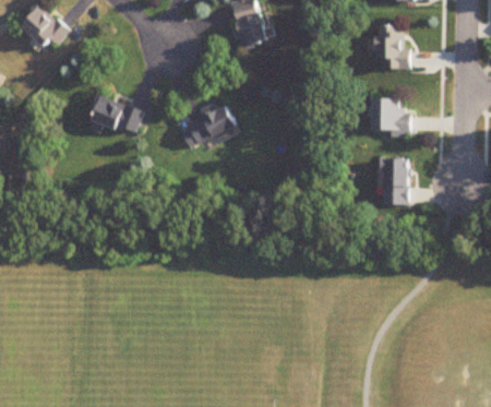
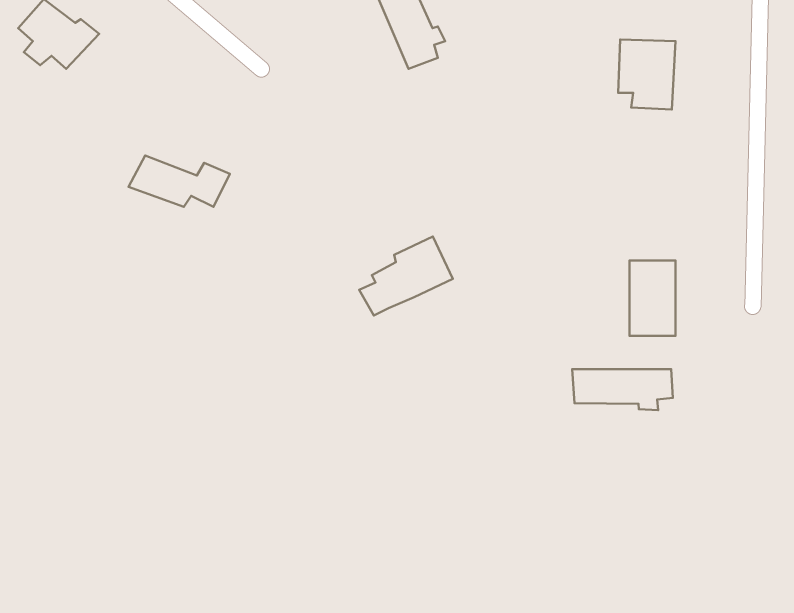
building: [372,99,409,137] -> none
building: [175,101,230,148] -> [359,236,453,316]
building: none -> [572,369,673,410]

